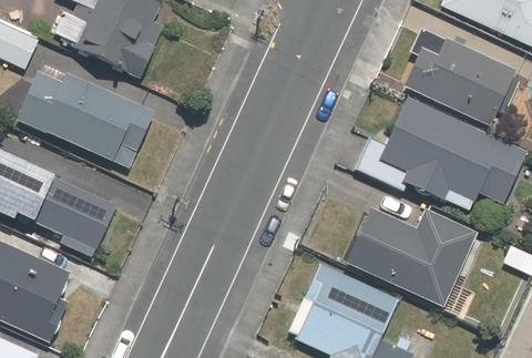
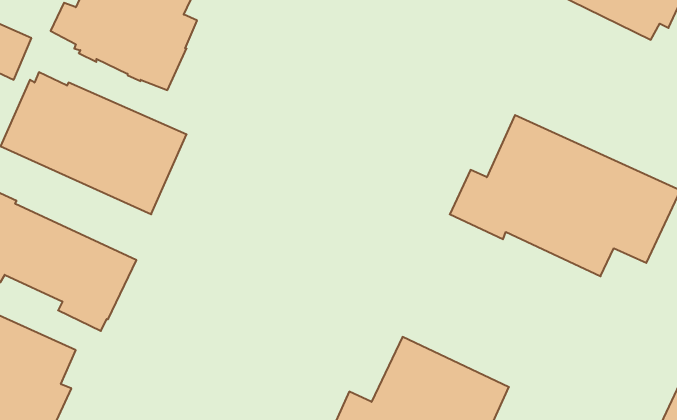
building: [401,35,518,127] -> none
building: [345,204,478,311] -> none

